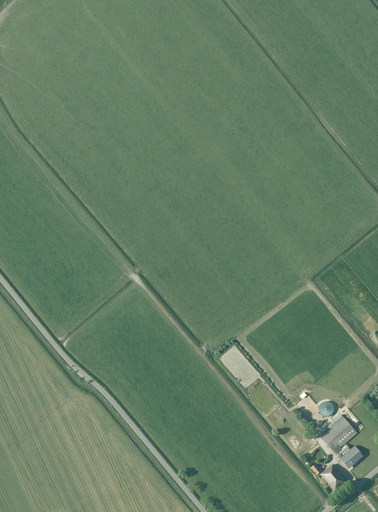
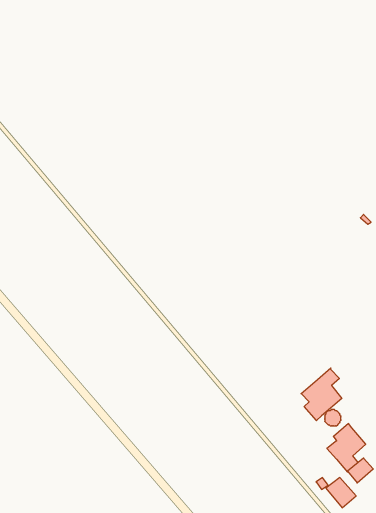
building: none -> [301,368,342,421]

